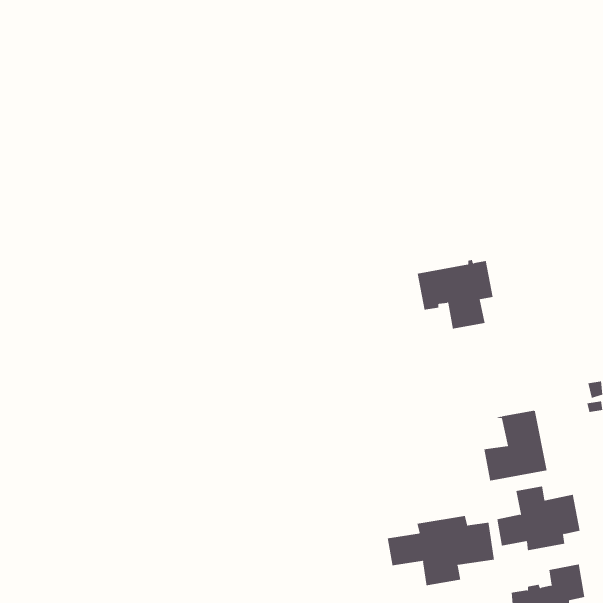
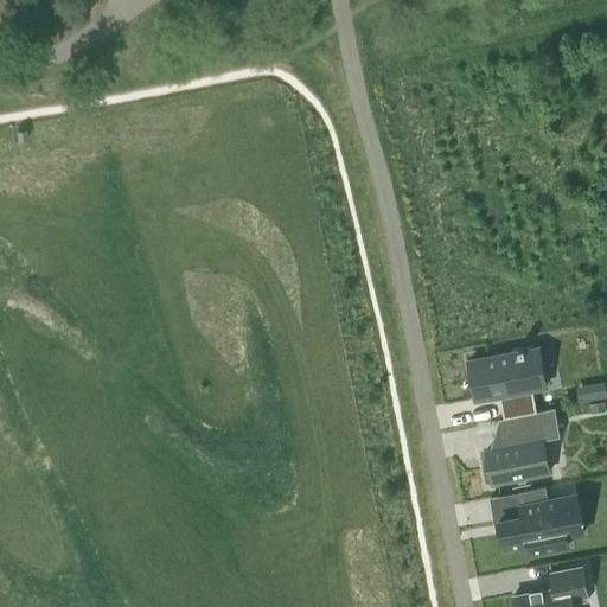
building: [417,259,494,329] -> [467,349,544,418]
building: [387,515,495,586] -> none

